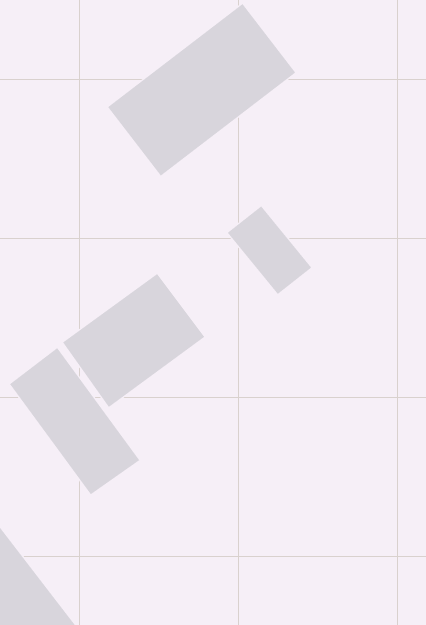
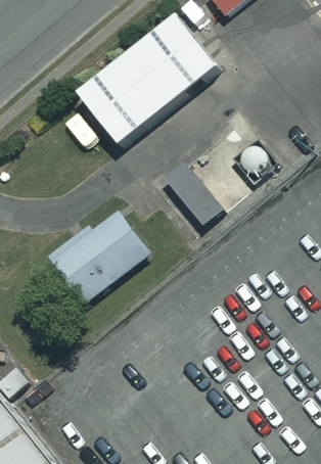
building: [9,347,140,495] -> none

